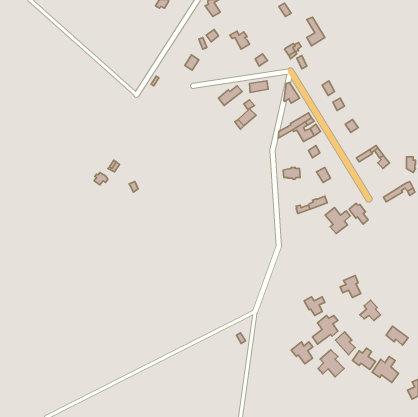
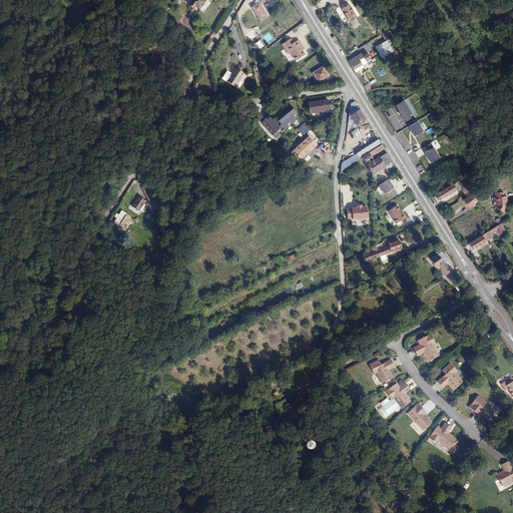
building: [325,207,350,234] -> none
building: [291,342,313,364] -> none
building: [318,350,344,377] -> none
building: [372,356,399,383] -> none

